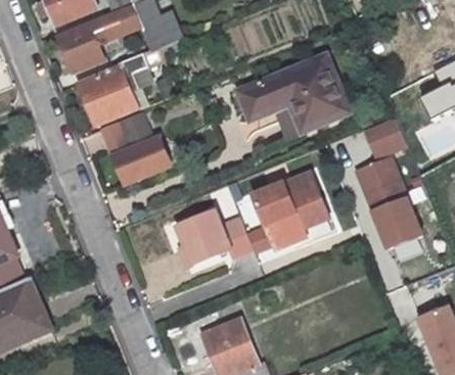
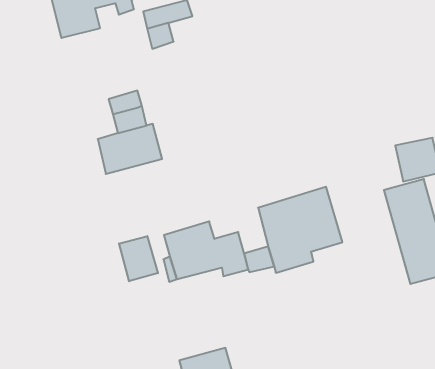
building: [240,53,352,130] -> none
building: [78,66,136,125] -> none
building: none -> [119,236,158,281]

